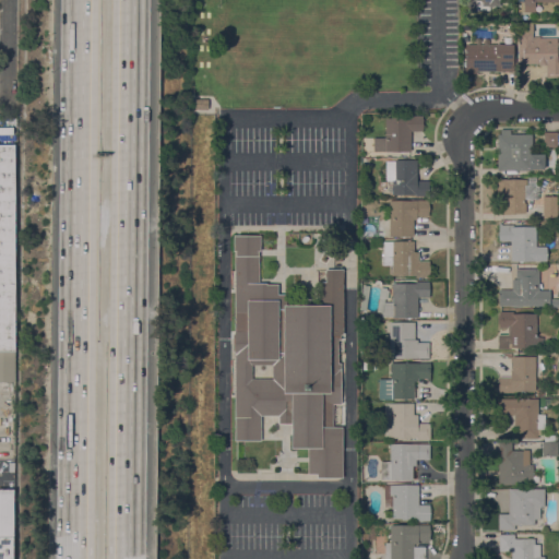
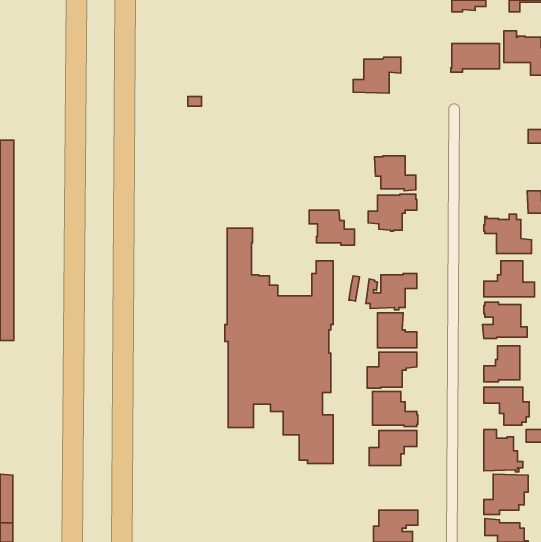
building: [374,115,424,152] -> [353,57,401,93]
building: [499,129,546,171] -> none
building: [498,178,539,214] -> none
building: [383,241,430,277] -> [309,210,355,245]
building: [384,485,431,521] -> none

